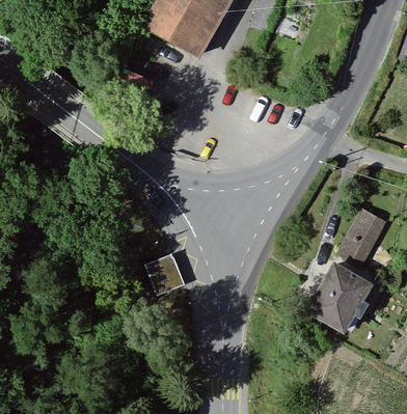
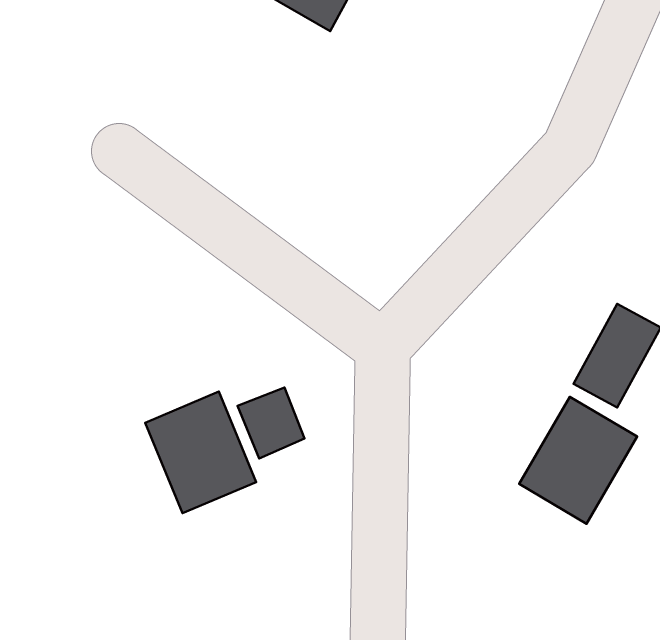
building: none -> [145,392,256,513]

